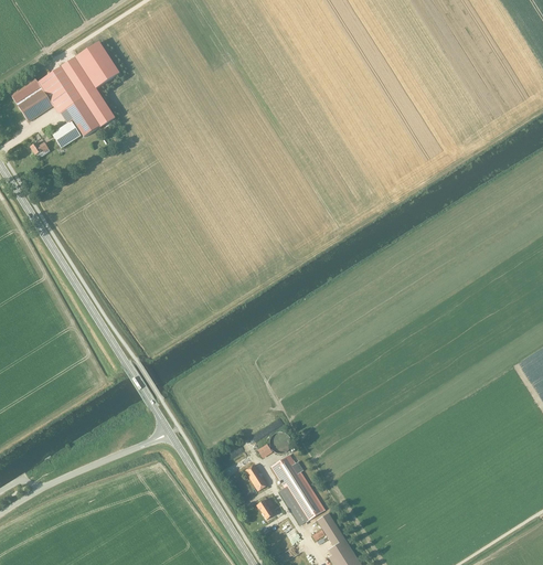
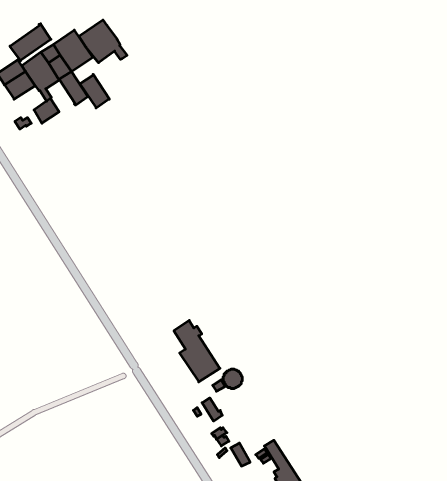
building: none -> [79,20,127,63]
building: none -> [10,24,51,61]
building: [65,97,99,136] -> [80,74,109,108]
building: [272,454,324,524] -> [174,320,220,382]

